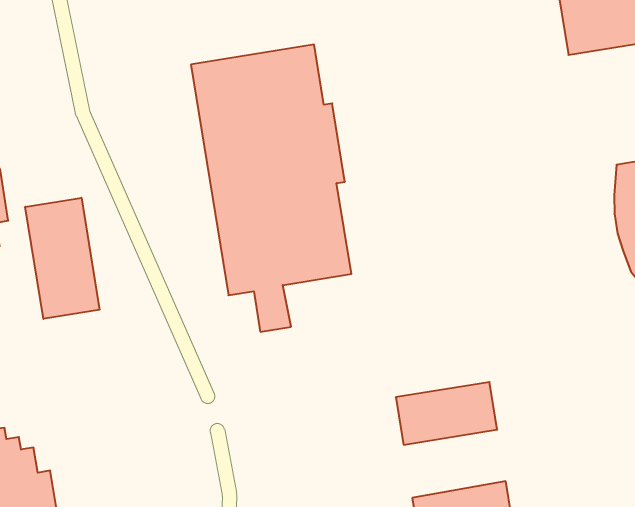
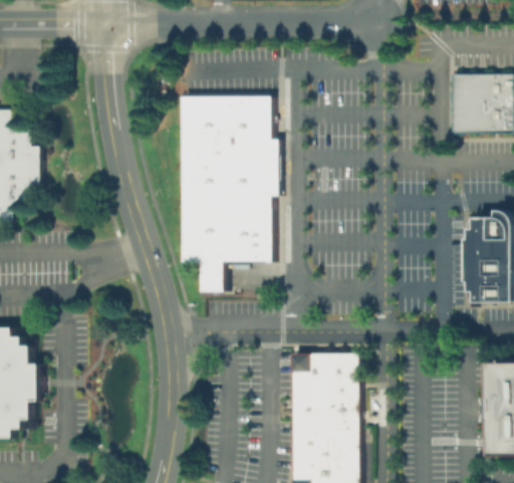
building: [25,198,100,319] -> none
building: none -> [290,387,357,425]

